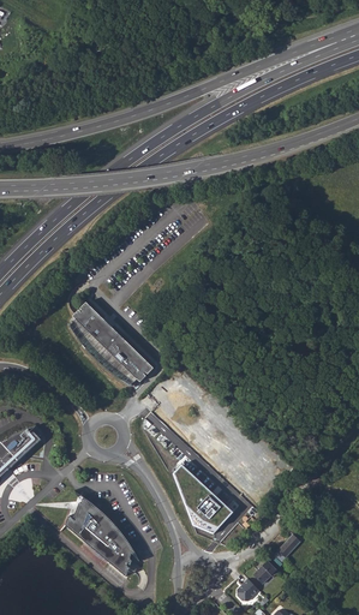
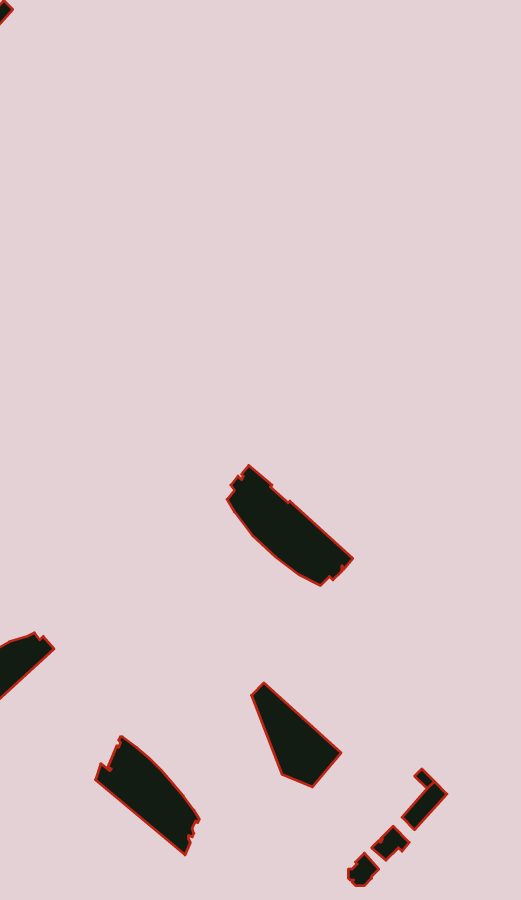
building: [70,304,154,384] -> [227,465,353,585]

